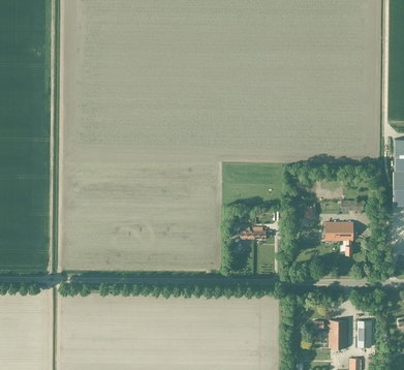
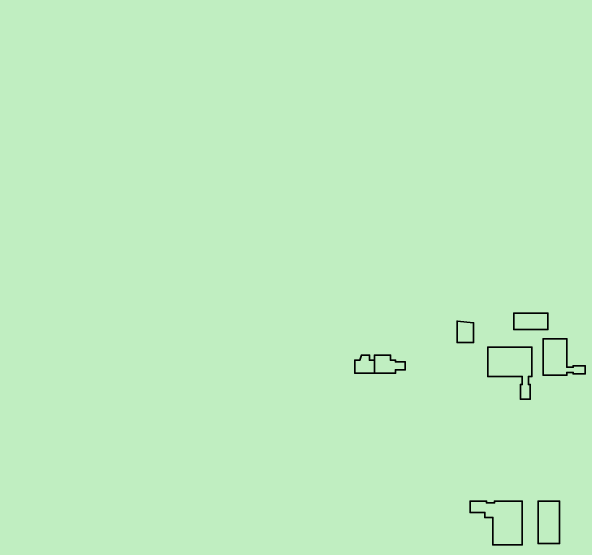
building: none -> [543,339,585,375]

